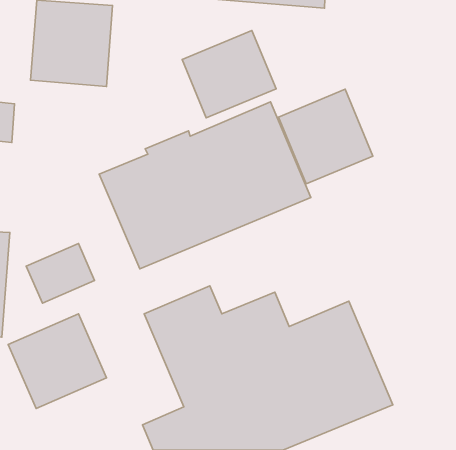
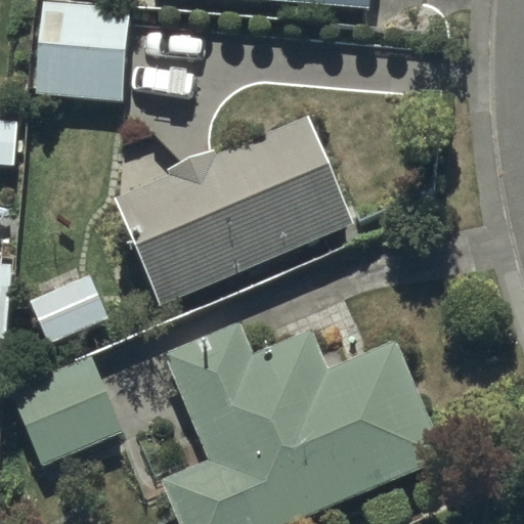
building: [182,30,276,118] -> none
building: [279,89,373,184] -> none

